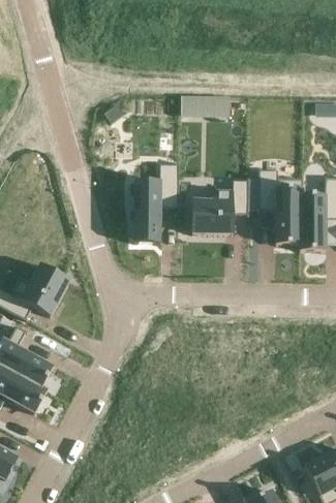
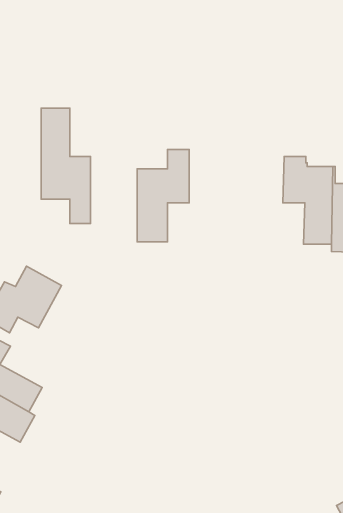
building: none -> [41,108,91,223]
building: [190,180,247,233] -> none

